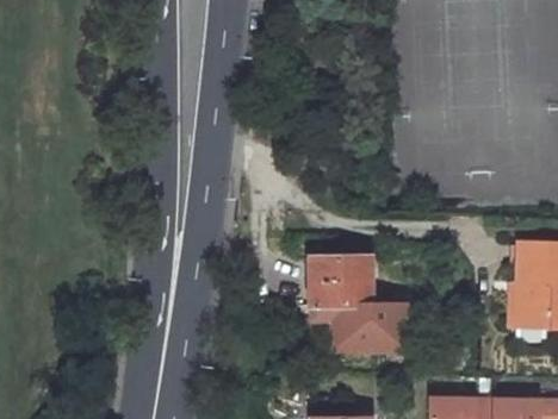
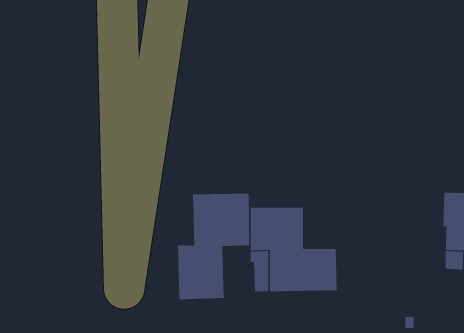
building: none -> [177,193,250,300]

